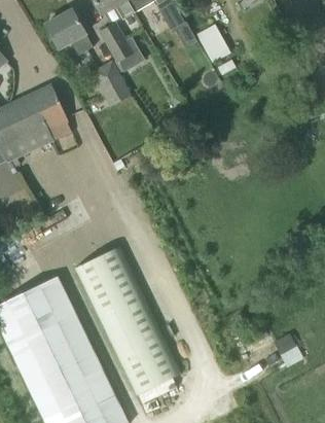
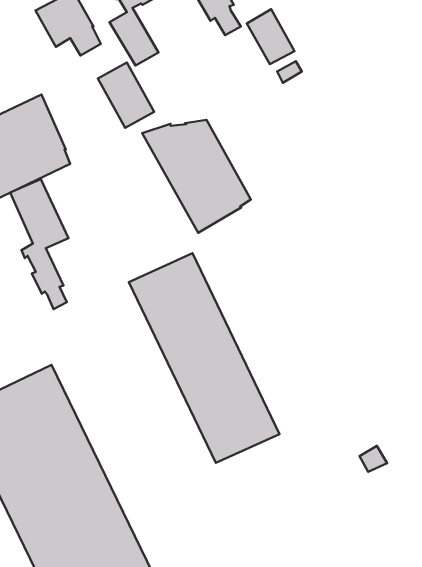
building: none -> [142,120,251,233]
building: none -> [10,179,69,309]
building: [73,247,180,396] -> [129,253,279,463]

